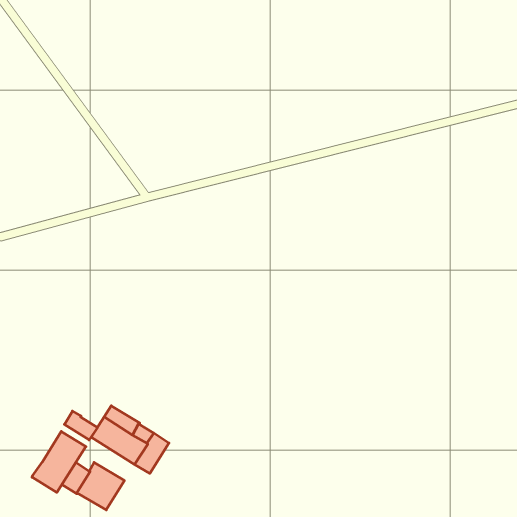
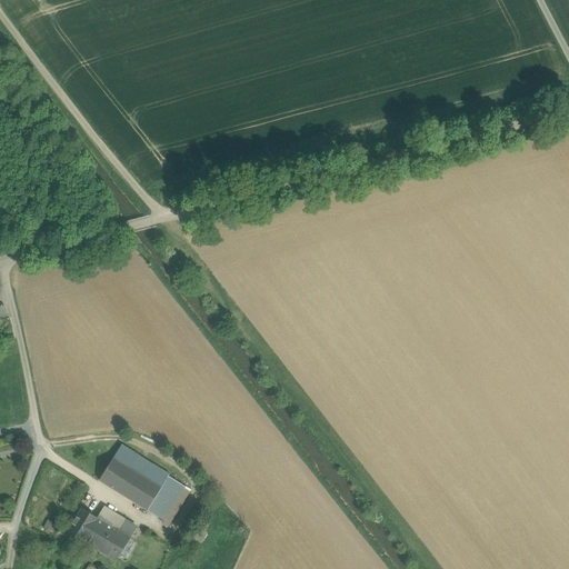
building: [64,411,97,440] -> none
building: [32,431,86,492] -> none

